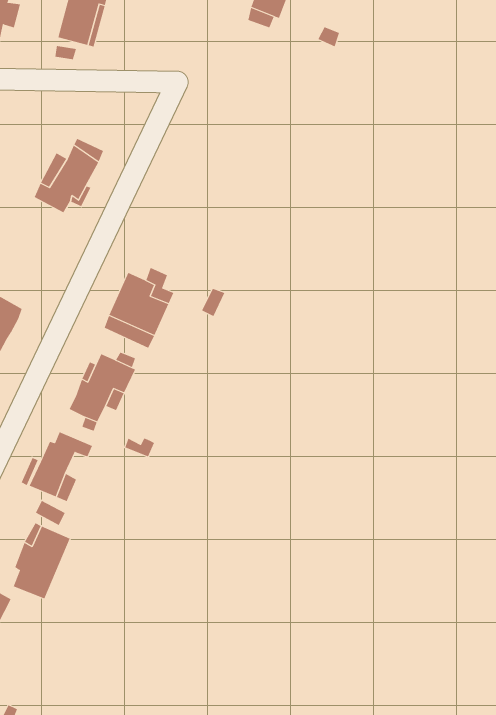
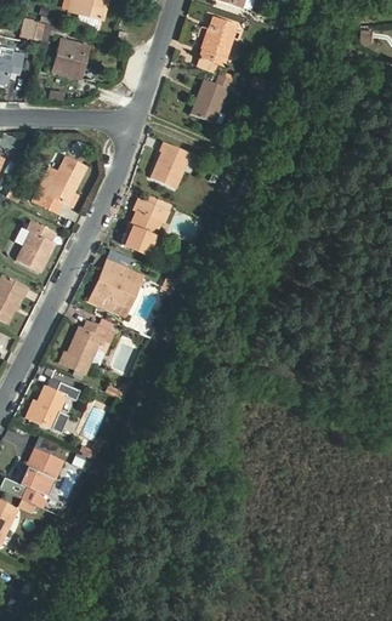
building: none -> [187,75,233,124]
building: none -> [149,139,187,186]
building: none -> [121,194,171,255]
building: none -> [16,217,53,269]

